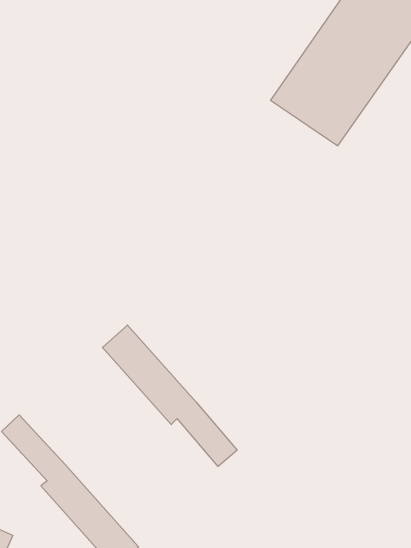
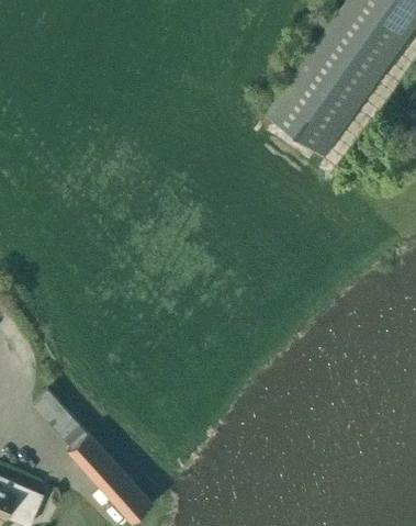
building: [102,325,237,466] -> none

